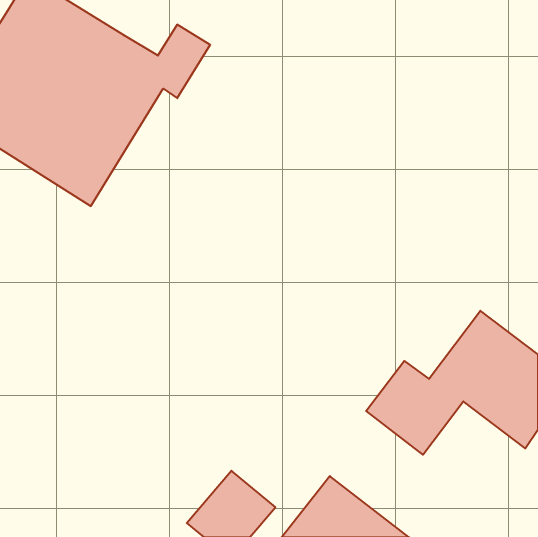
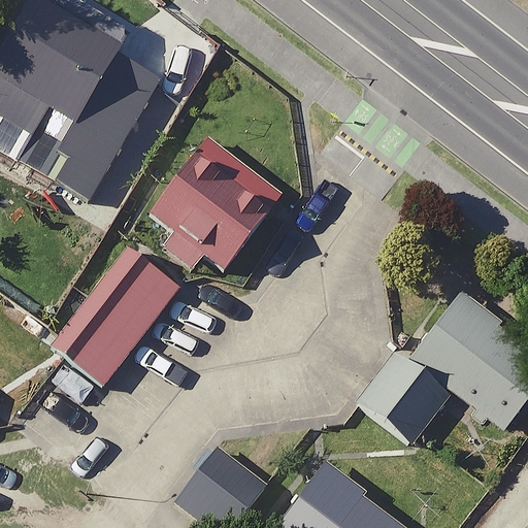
building: none -> [141,135,287,279]
building: none -> [55,246,176,382]

